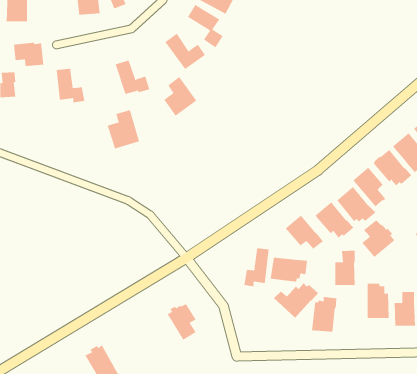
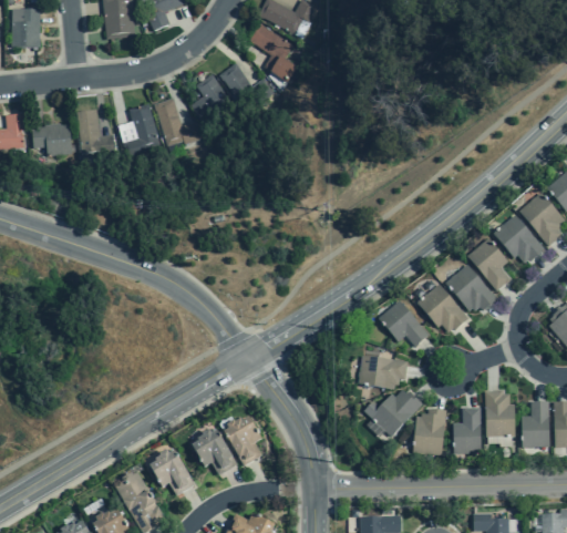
building: [13,42,44,66] -> [31,121,72,153]
building: [163,76,197,117] -> [190,72,235,125]
building: [107,110,140,149] -> [117,102,161,154]
building: [362,219,395,258] -> none
building: [244,247,269,287] -> none
building: [334,250,356,285] -> [453,407,481,453]
building: none -> [190,429,237,475]
building: none -> [148,449,194,495]

